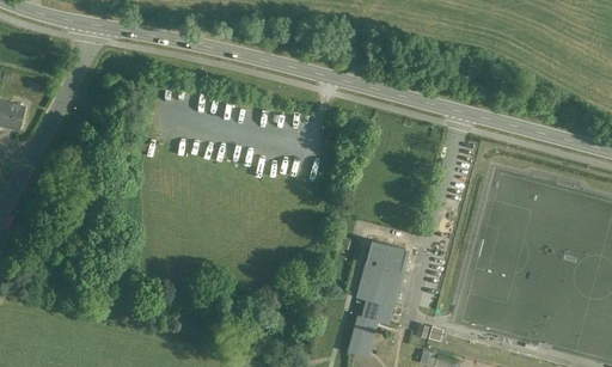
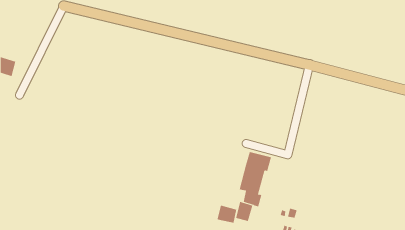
building: none -> [217,198,237,224]

